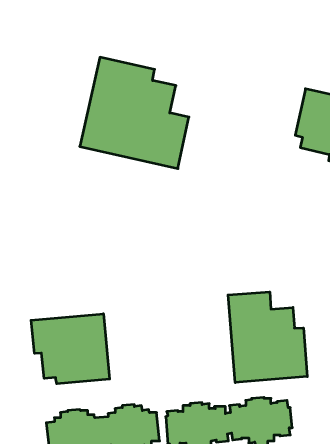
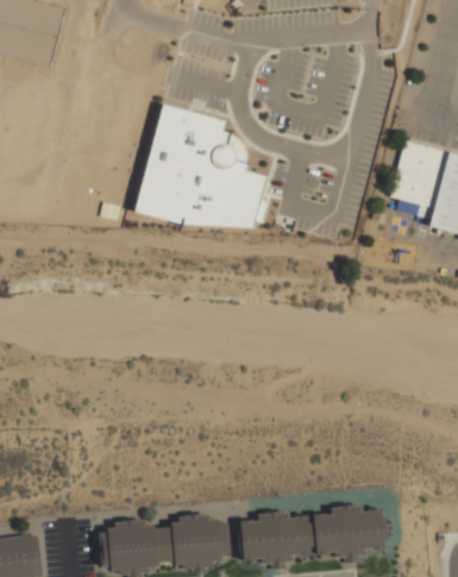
building: [228,292,307,383] -> none
building: [31,314,110,384] -> none

